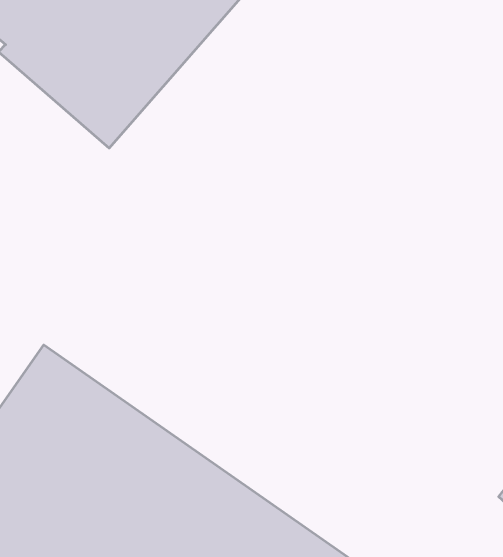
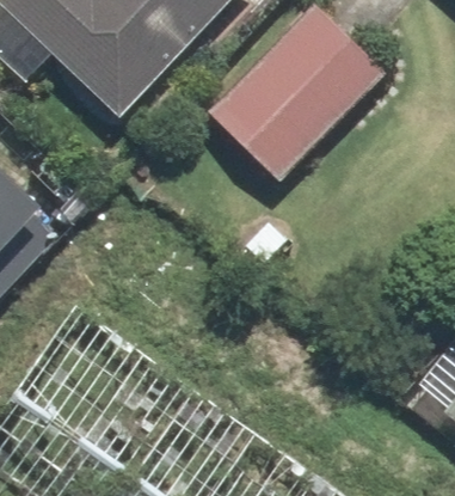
building: none -> [211,10,381,185]

